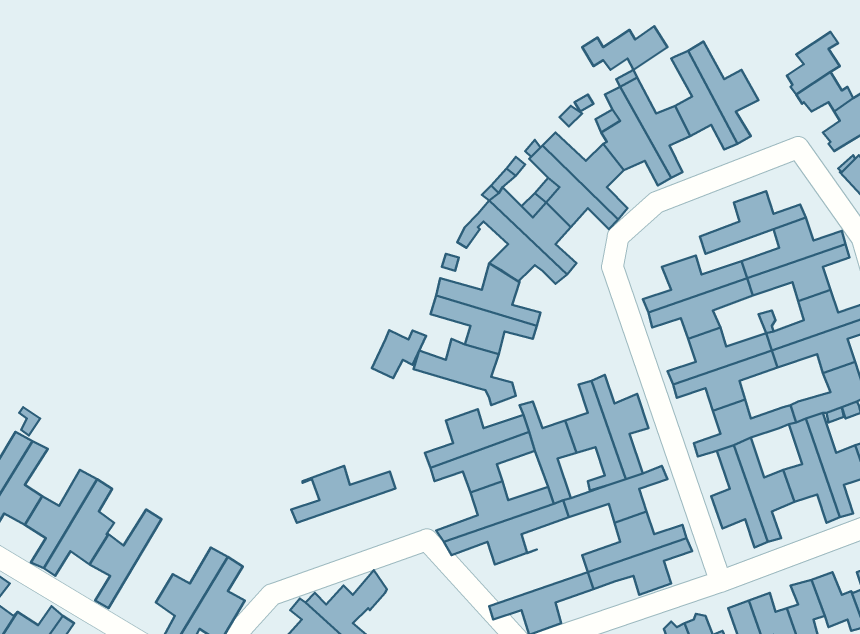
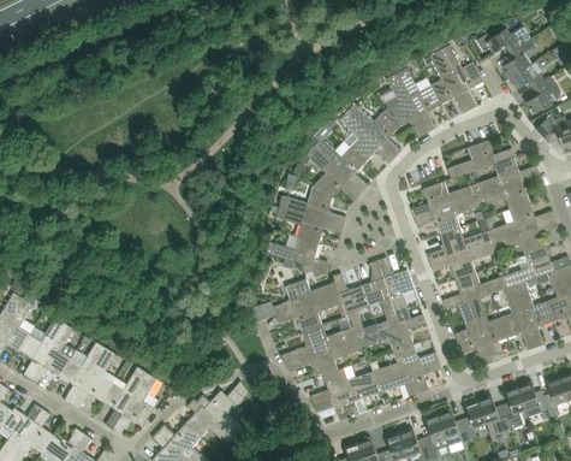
building: [582,26,667,70] -> [476,25,530,53]
building: [372,330,426,378] -> none
building: [291,466,395,523] -> [310,367,376,403]
building: none -> [72,348,115,409]

